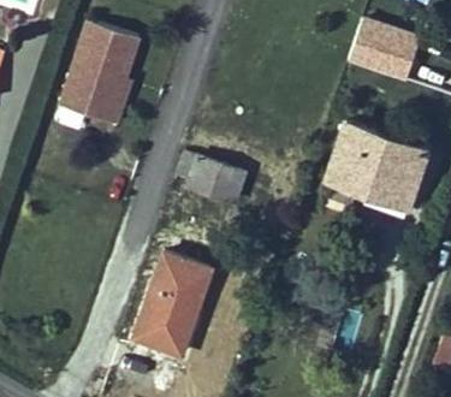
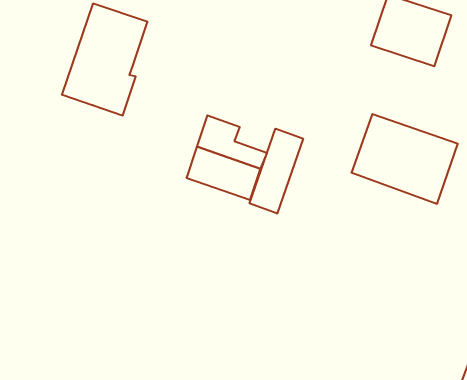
building: none -> [250,129,303,214]
building: [135,250,210,356] -> none

